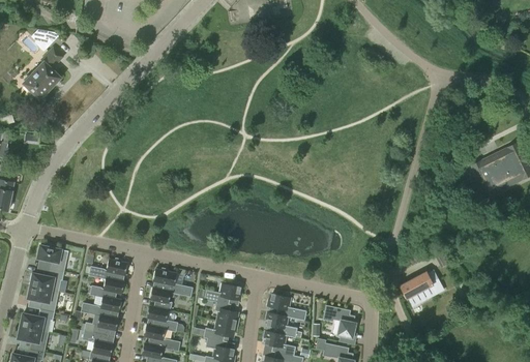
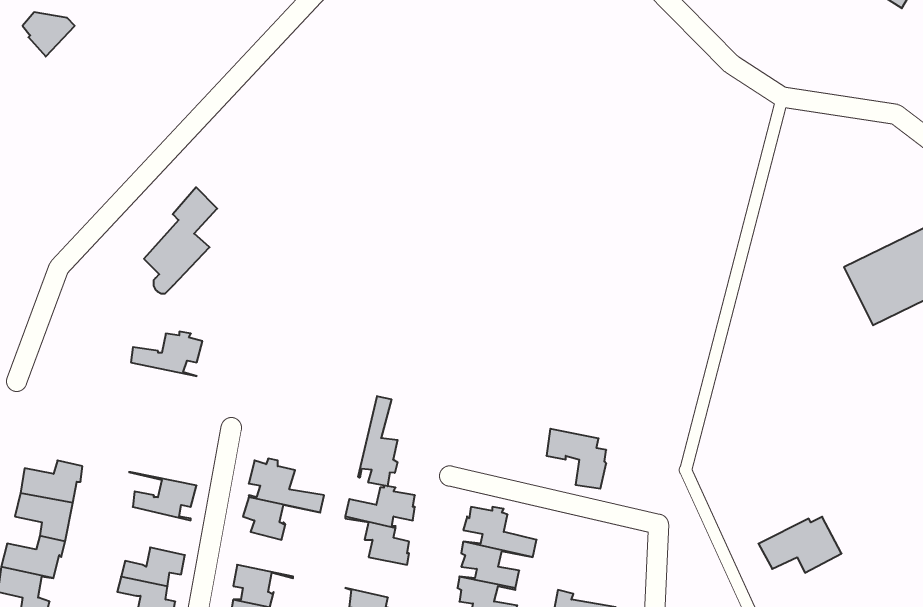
building: [25,44,64,101] -> [144,187,217,294]
building: none -> [358,396,398,486]
building: [37,243,68,271] -> none
building: [89,258,127,281] -> [131,332,202,376]
building: [400,270,444,300] -> [758,517,842,573]
building: [81,293,121,319] -> none
building: [323,304,355,336] -> [546,429,606,489]
building: [146,305,178,330] -> none
building: [204,320,237,341] -> none

